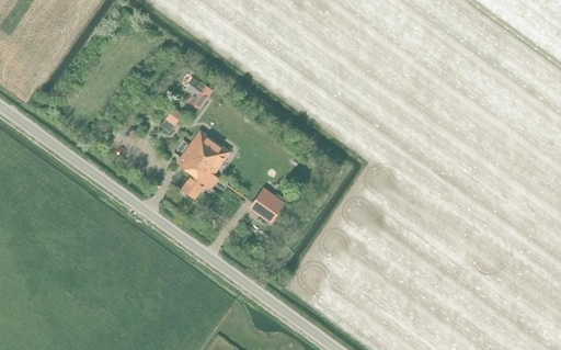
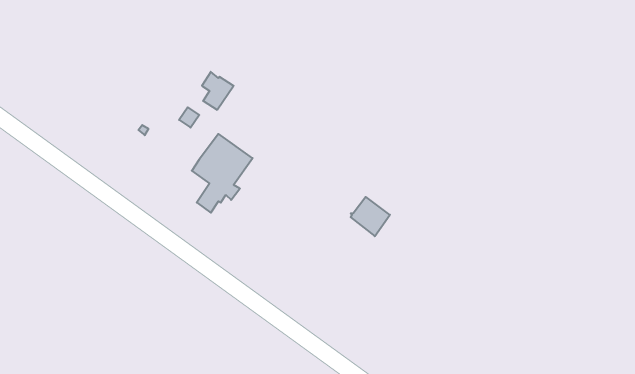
building: [250,189,284,223] -> [351,197,390,236]

